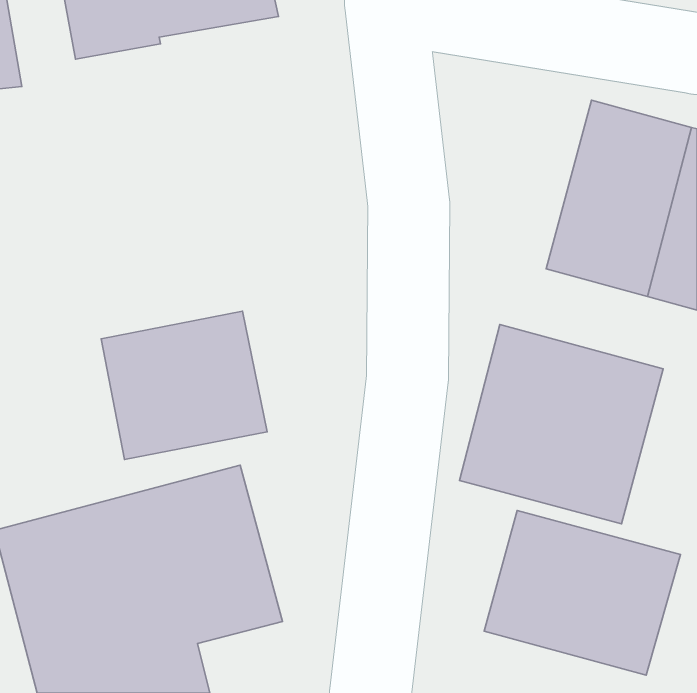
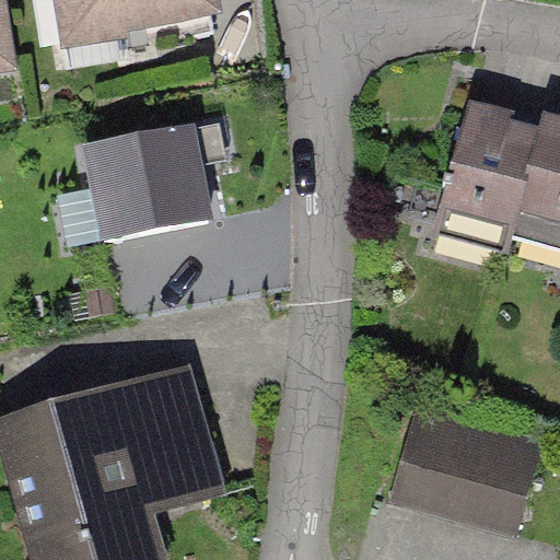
building: [101,311,267,459] -> [81,126,213,244]
building: [459,324,663,524] -> none

